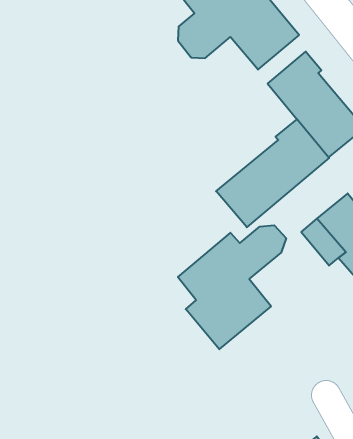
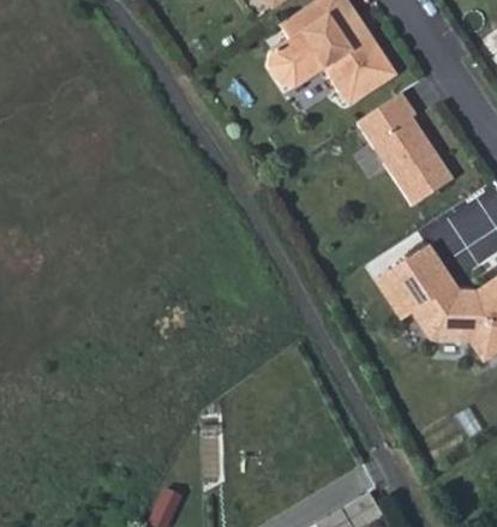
building: [216,119,329,227] -> none
building: [178,225,286,349] -> none

